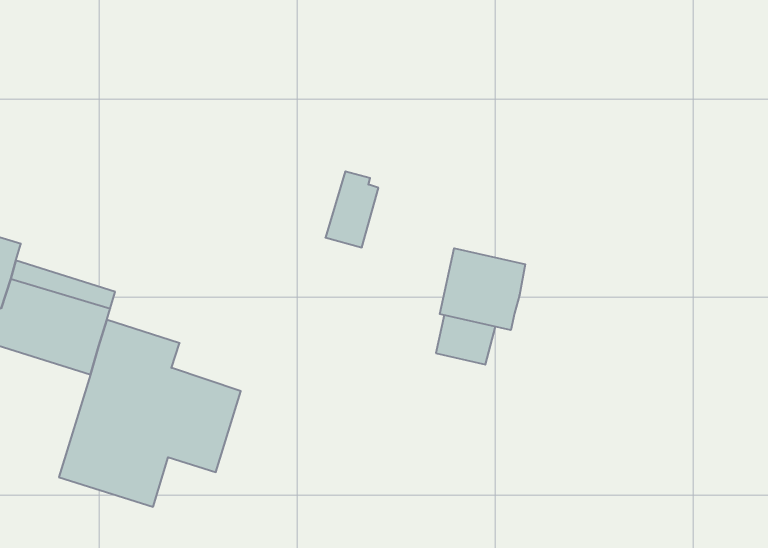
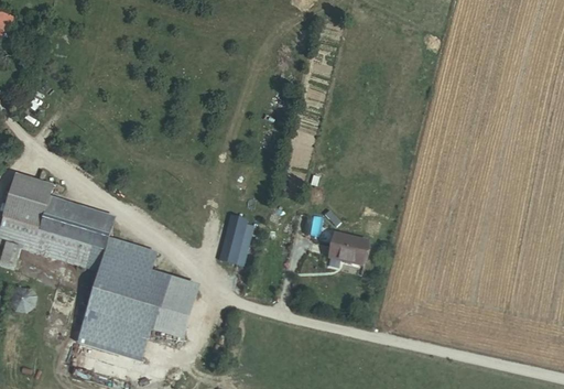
building: [325,171,378,247] -> [218,214,253,264]
building: [440,248,525,330] -> none

